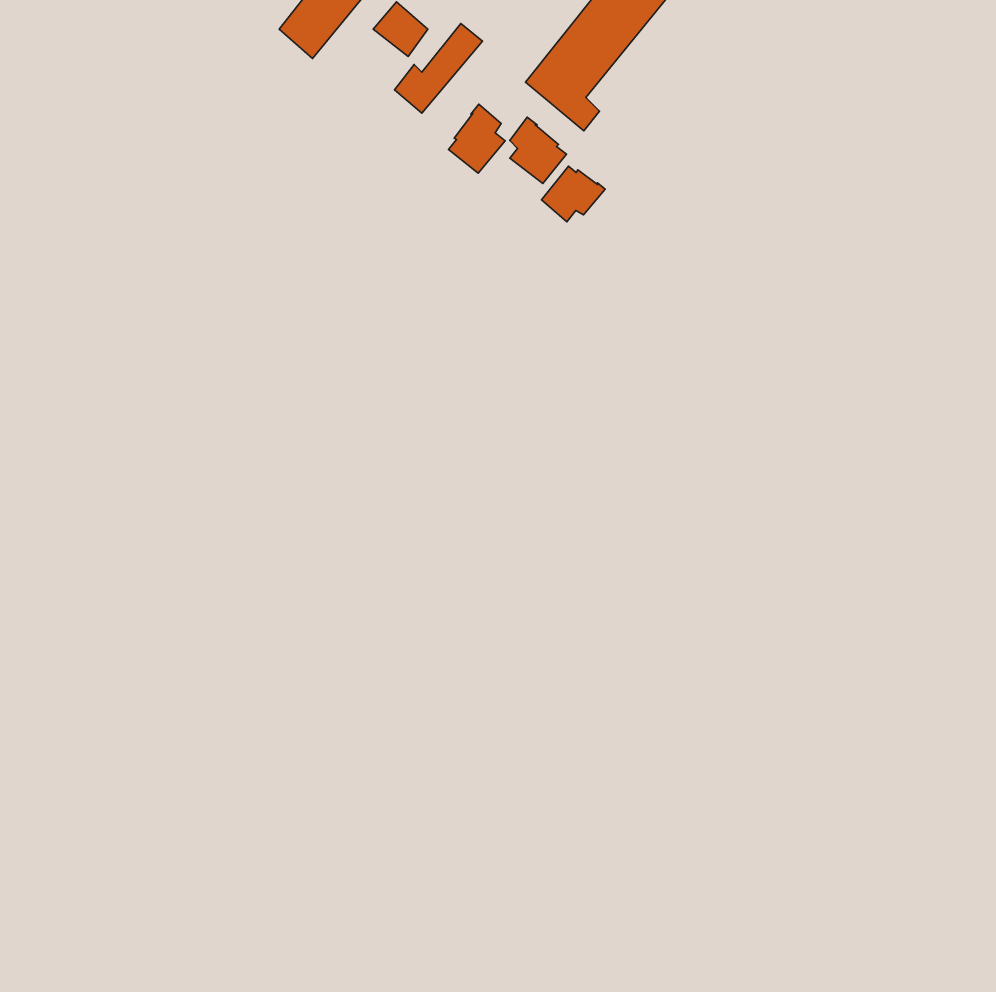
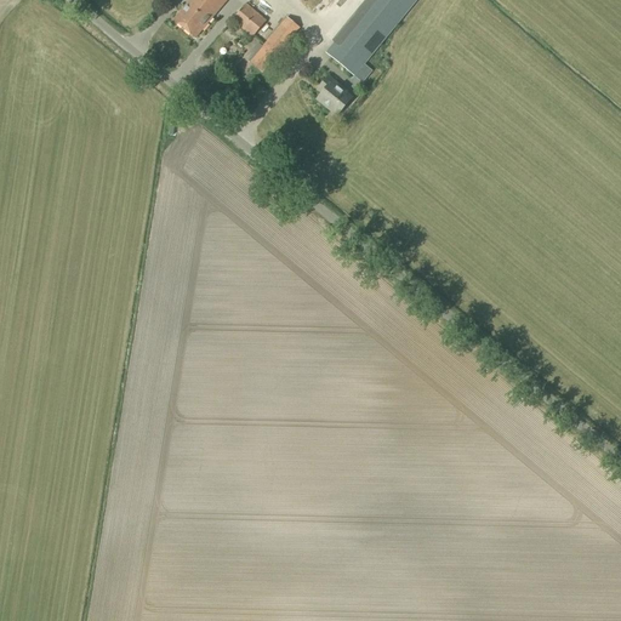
building: [448,104,505,173] -> none
building: [541,166,605,222] -> none

